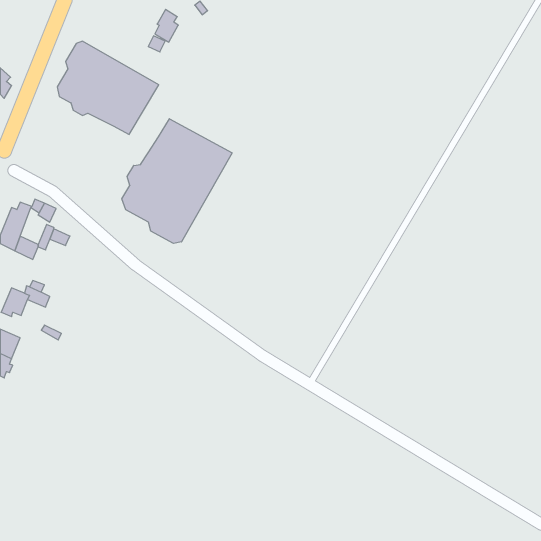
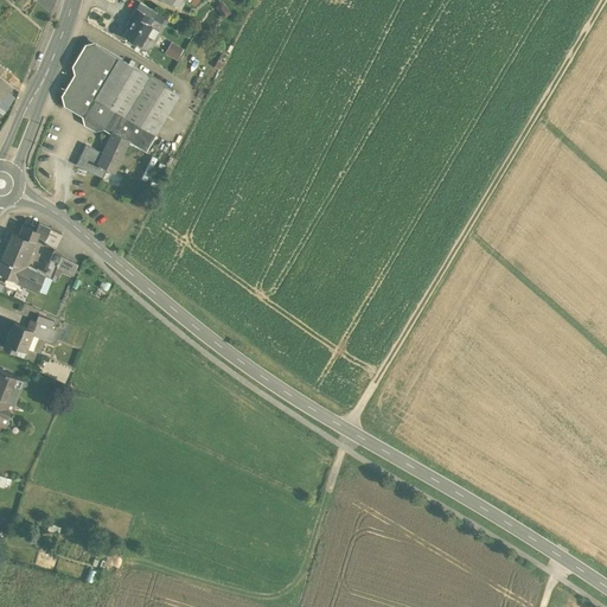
building: [155,9,178,42] -> [124,8,151,45]
building: none -> [76,133,127,178]
building: [122,119,232,243] -> none

